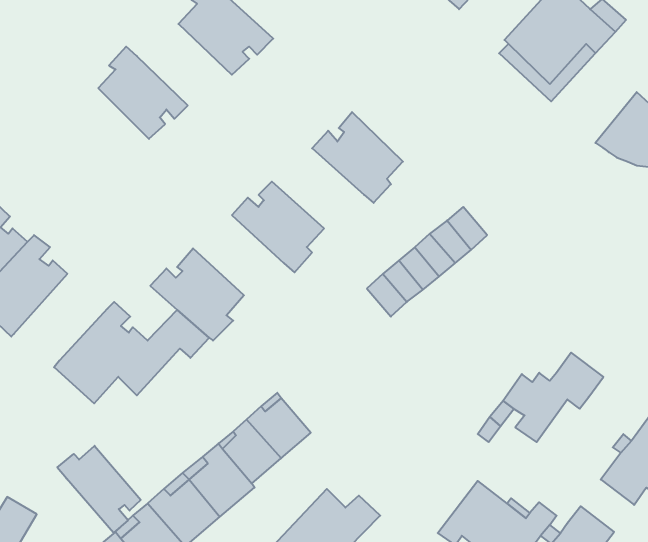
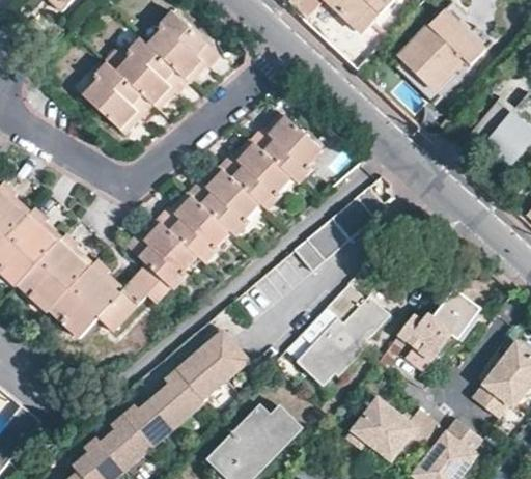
building: none -> [102,37,187,110]
building: none -> [218,140,289,209]
building: none -> [157,192,227,262]
building: none -> [18,233,90,311]
building: none -> [296,282,391,387]
building: [57,446,141,533] -> none

